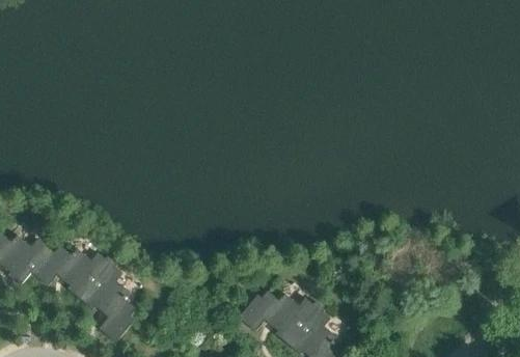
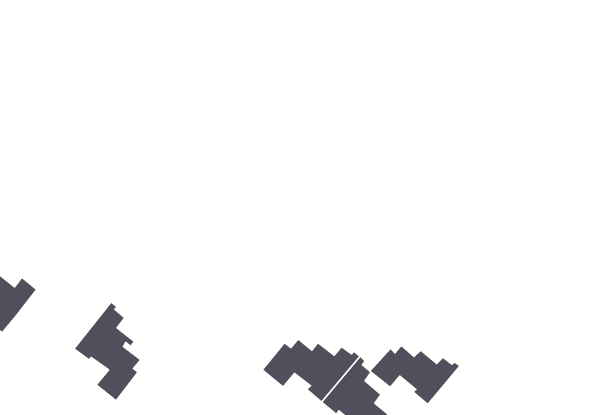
building: [31,245,111,299] -> none
building: none -> [370,345,460,404]

